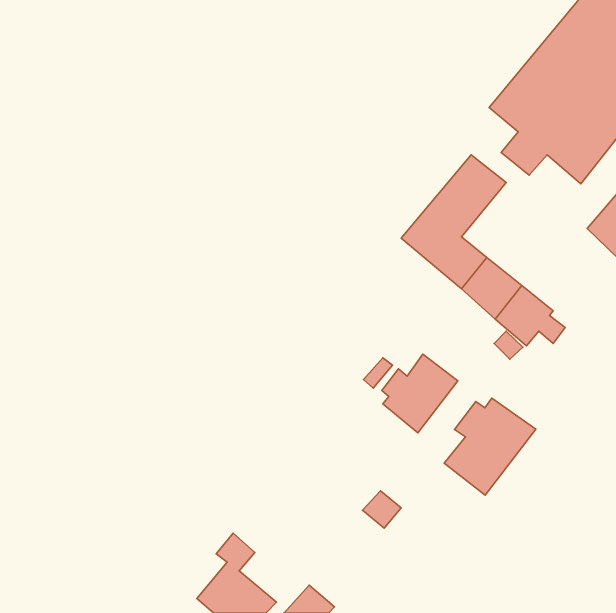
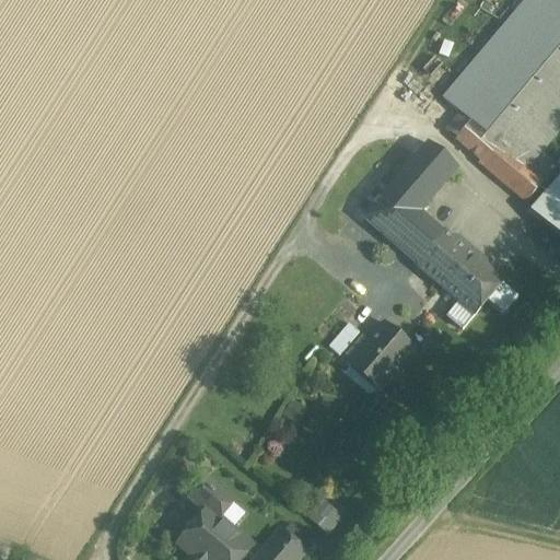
building: none -> [480,140,544,201]
building: [444,398,536,495] -> none
building: [363,491,401,528] -> [308,497,343,530]

